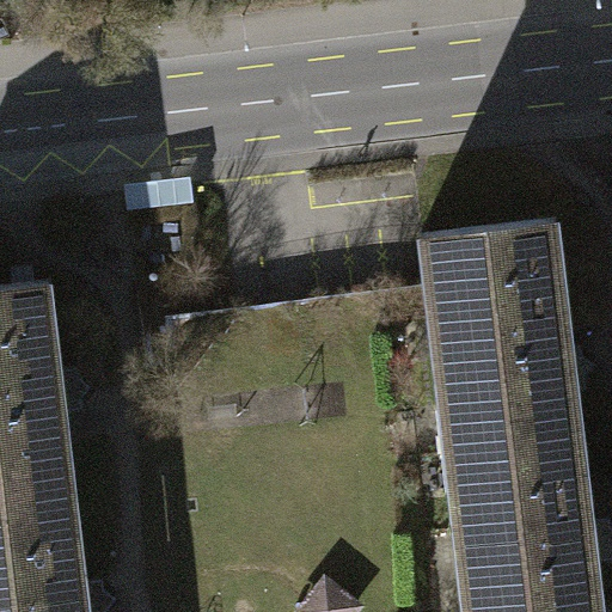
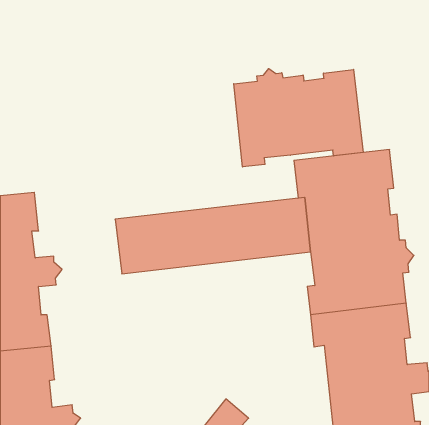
building: none -> [234,69,363,167]

